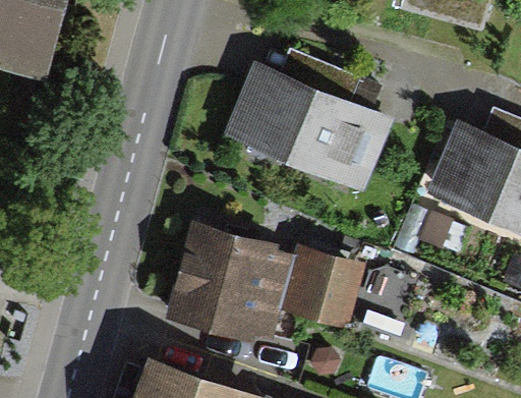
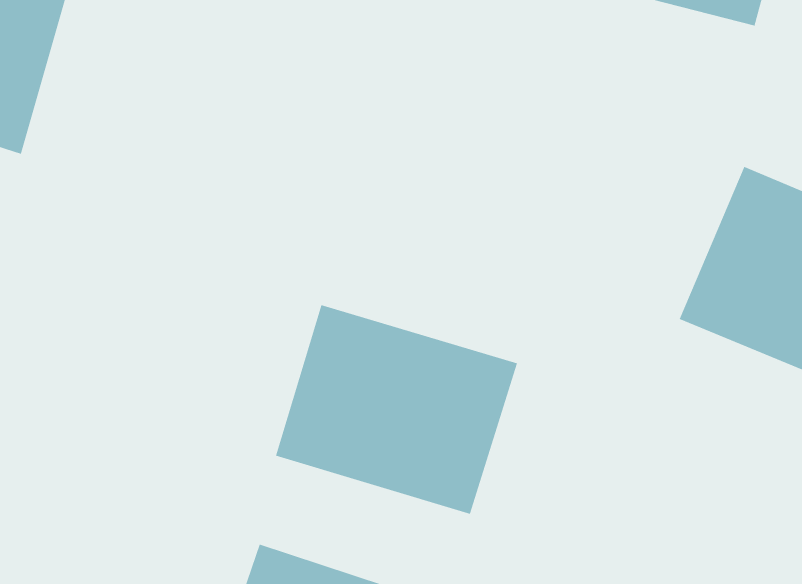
building: [222,61,389,189] -> none

